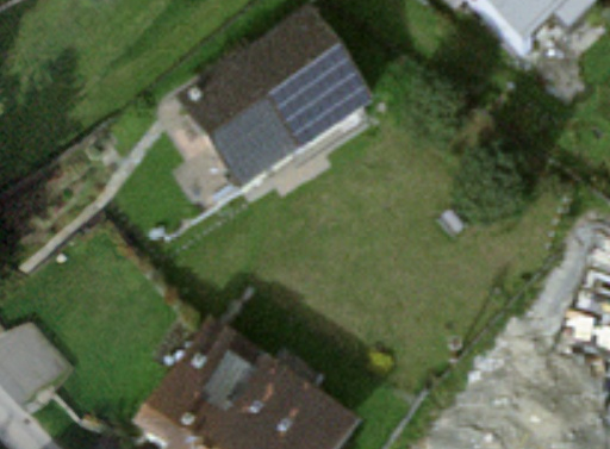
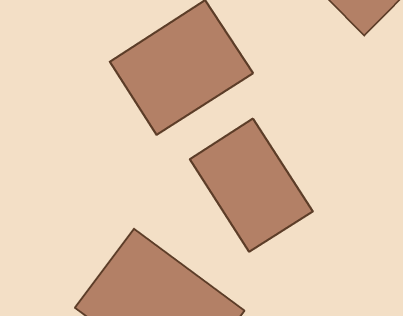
building: none -> [190,119,313,252]

